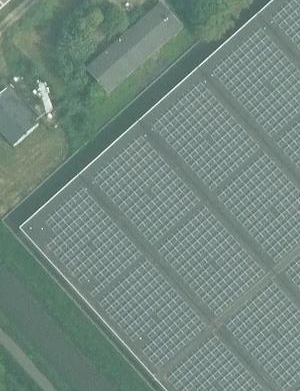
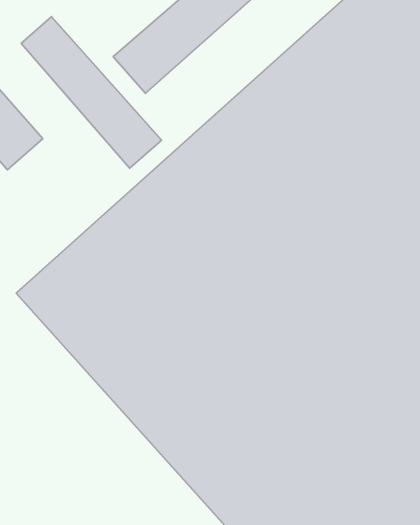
building: none -> [21,17,161,168]

